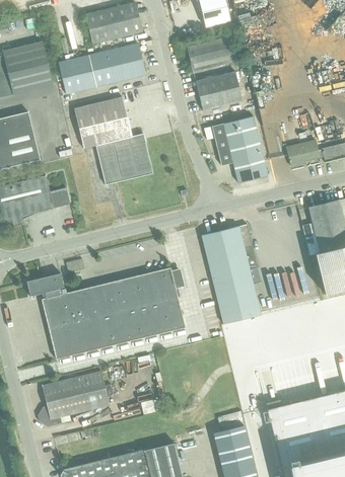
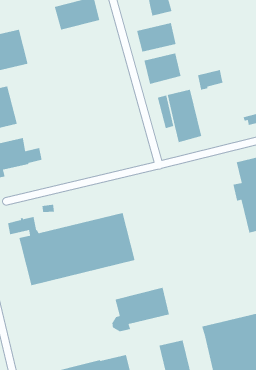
building: [58,44,145,94] -> none
building: [73,98,152,186] -> none
building: [286,141,319,167] -> [197,69,224,91]
building: [201,224,261,324] -> none
building: [38,371,110,426] -> [111,287,170,332]

